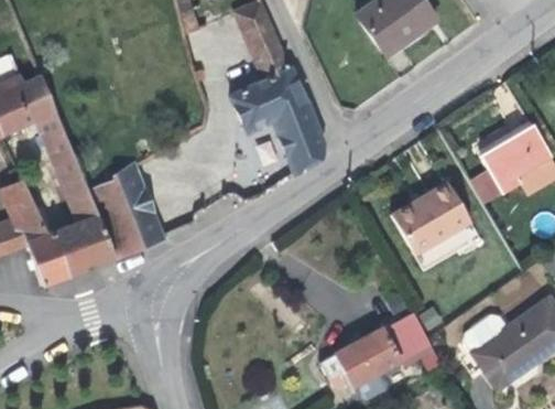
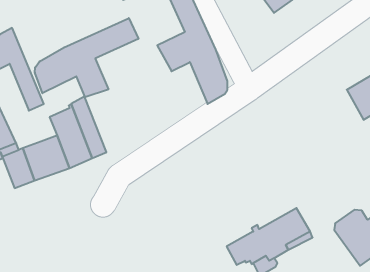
building: none -> [35,18,138,97]
building: [61,173,98,223] -> none
building: [391,181,471,255] -> none

